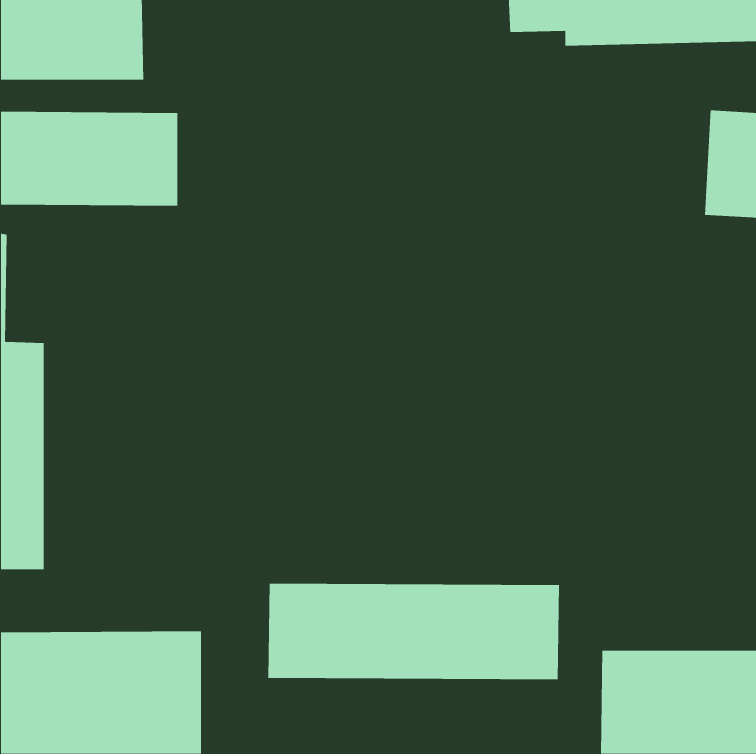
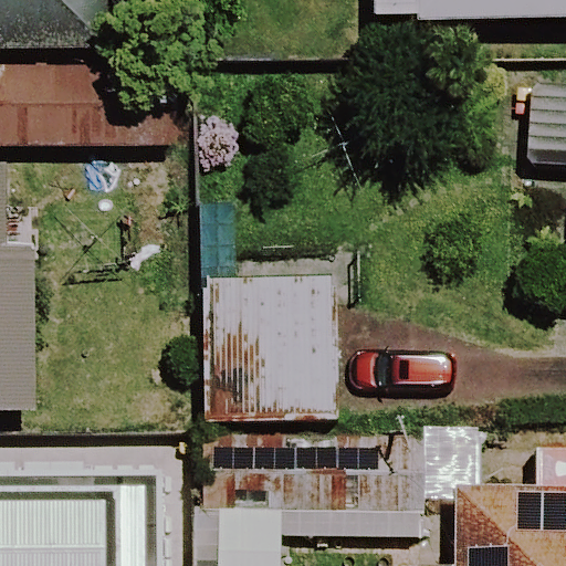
building: none -> [201,279,329,422]

